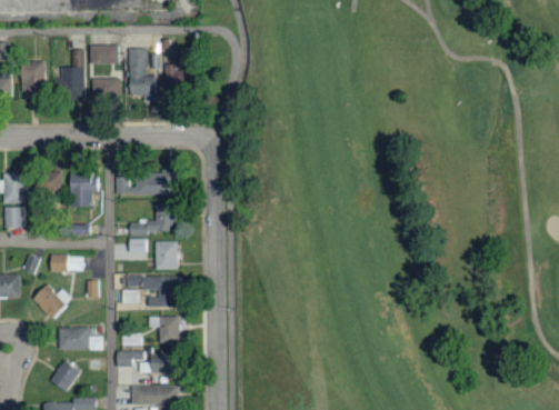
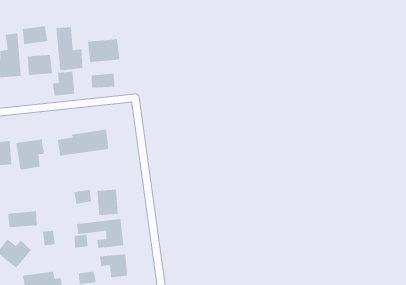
building: none -> [52,71,75,97]
building: none -> [91,73,115,88]
building: [129,204,174,234] -> none

